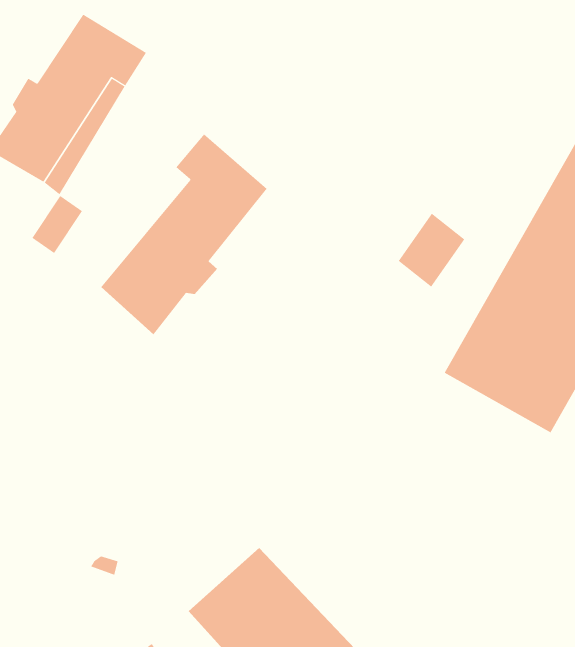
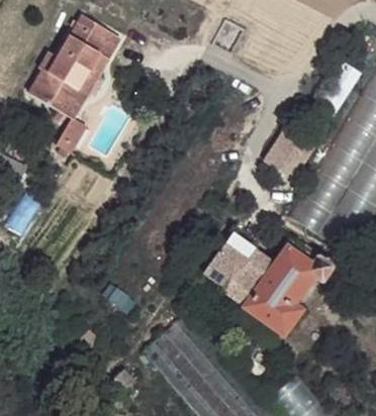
building: [101,133,268,335] -> none
building: none -> [202,236,328,336]

